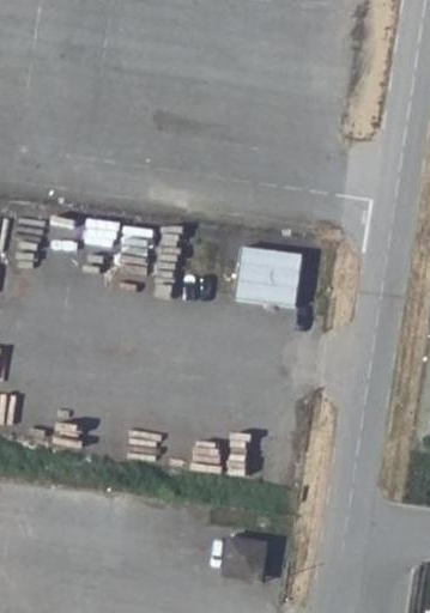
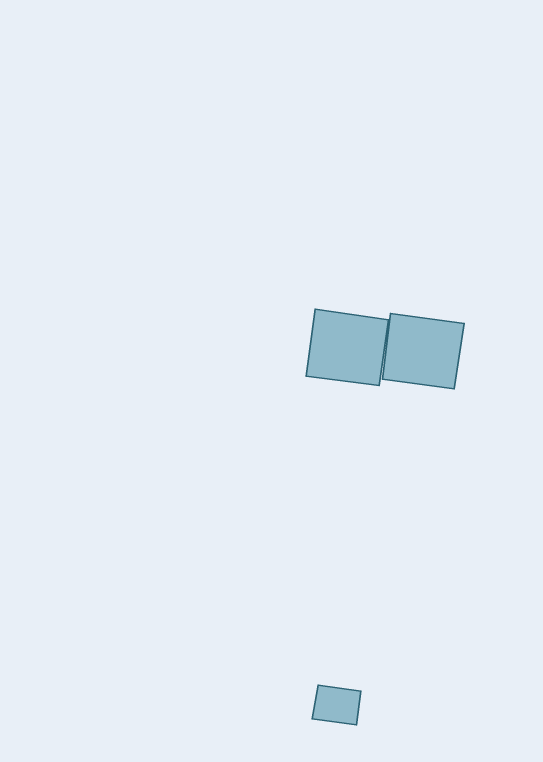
building: none -> [382,314,464,389]

